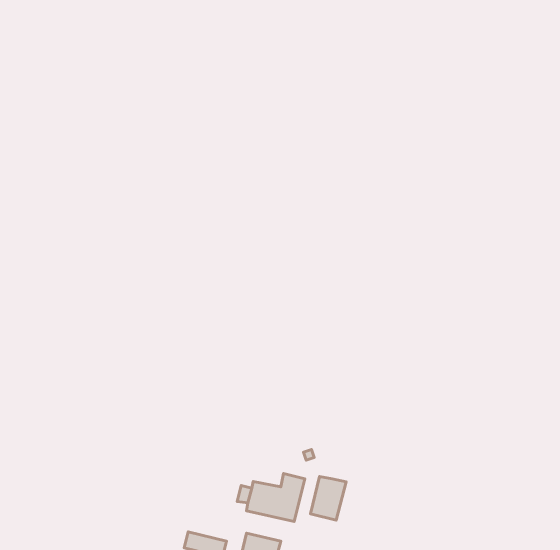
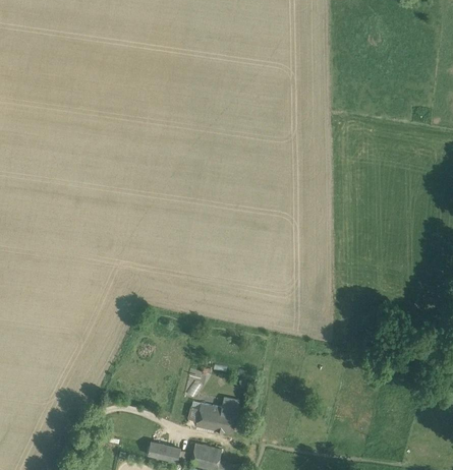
building: [310,477,346,520] -> none

